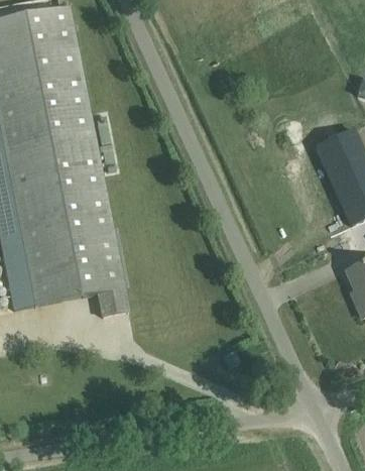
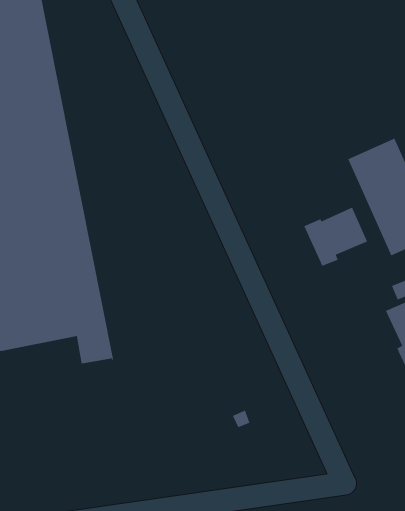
building: none -> [303,207,368,267]

